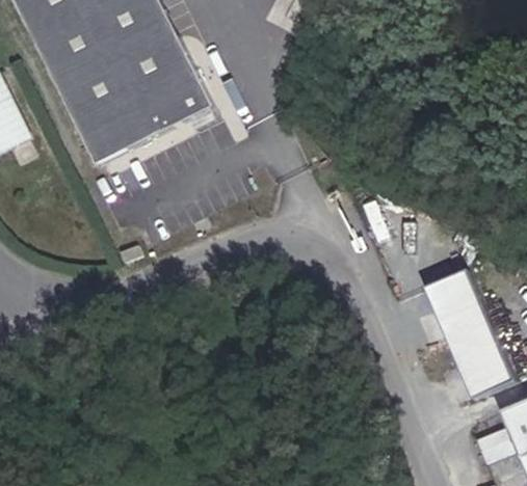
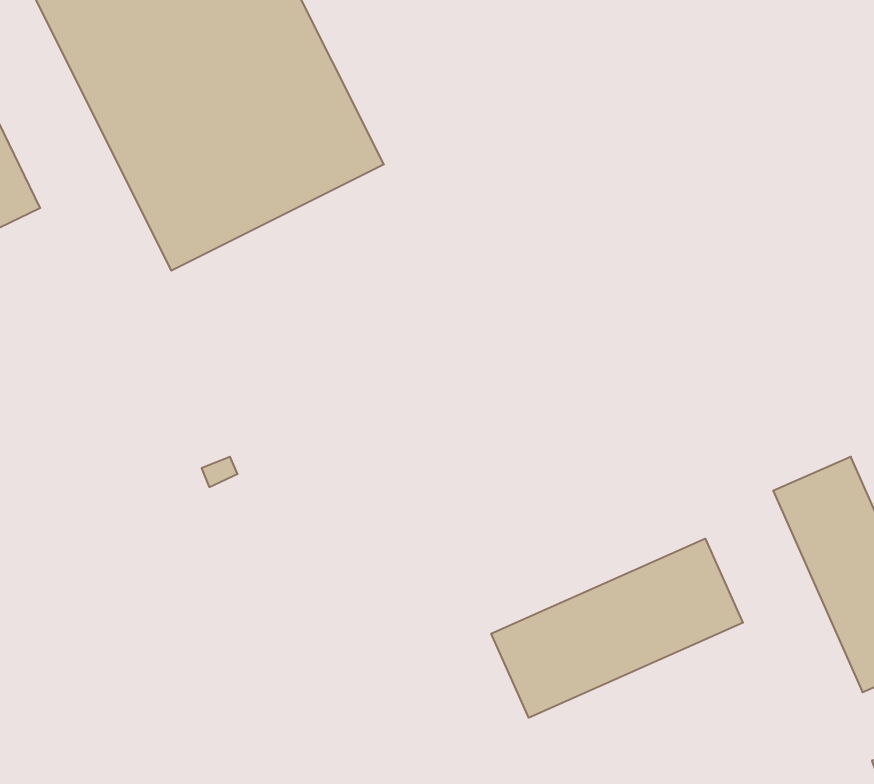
building: none -> [491,539,743,718]

